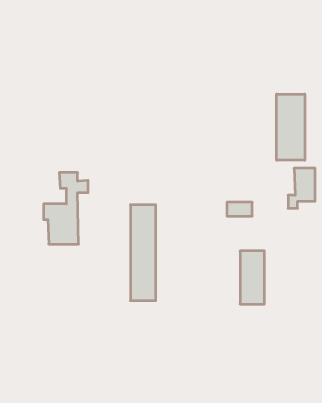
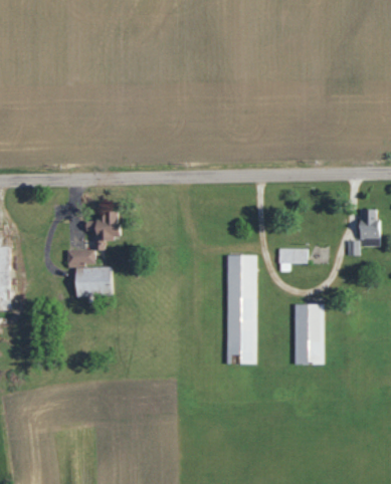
building: [277,94,305,160] -> none
building: [130,205,156,301] -> [227,254,256,365]

